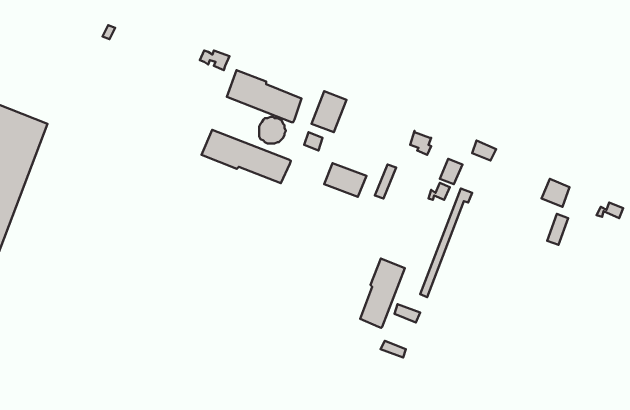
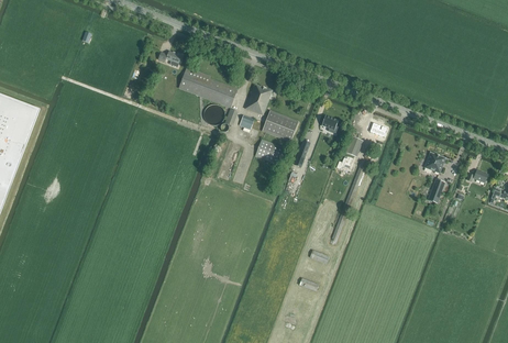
building: none -> [259,110,297,142]
building: [202,130,291,183] -> none
building: [360,258,405,328] -> none

